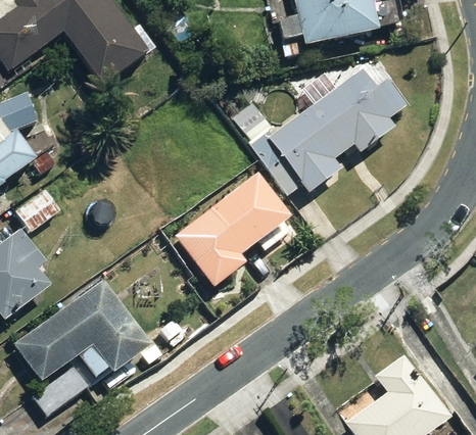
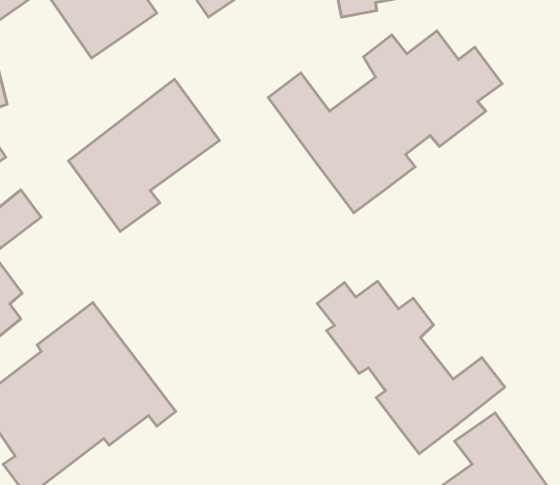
building: [176,174,289,288] -> [69,79,220,231]
building: none -> [317,281,505,454]

